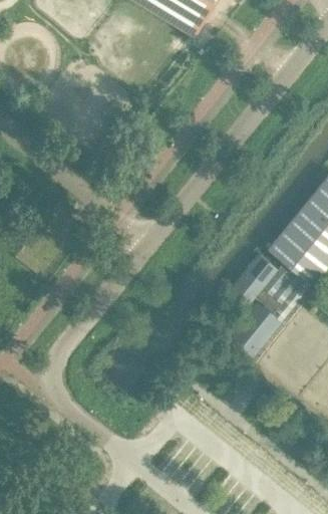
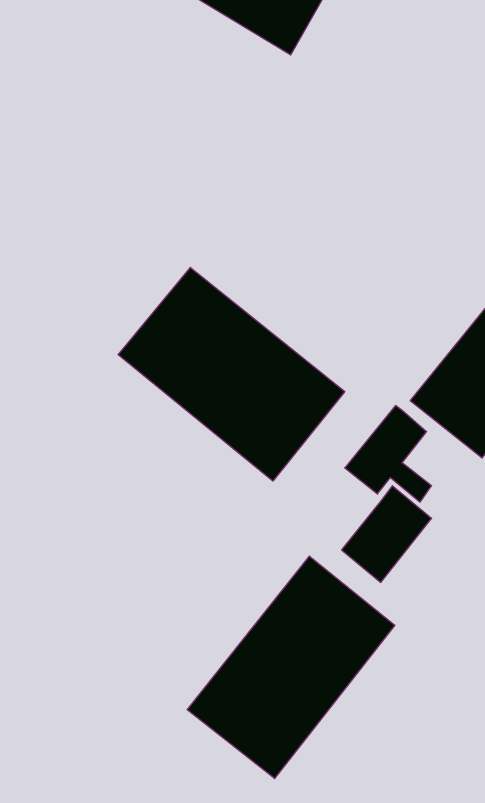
building: none -> [118,267,345,481]
building: none -> [187,556,395,779]

